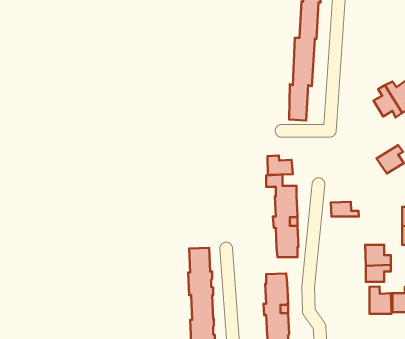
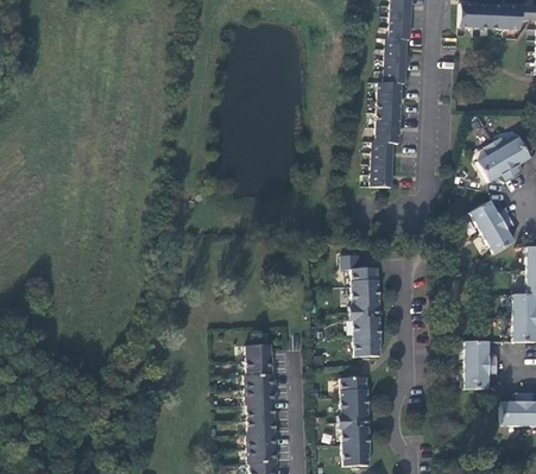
building: none -> [467,198,507,233]
building: [267,156,293,175] -> none
building: [331,202,359,217] -> none
building: [370,287,392,314] -> none

